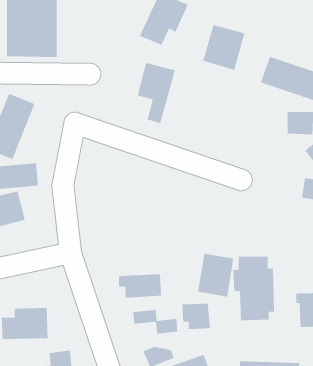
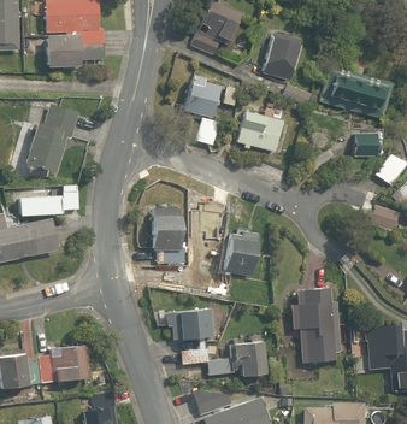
building: none -> [235,107,285,155]
building: none -> [151,204,187,263]
building: [197,253,234,298] -> [222,231,263,281]

